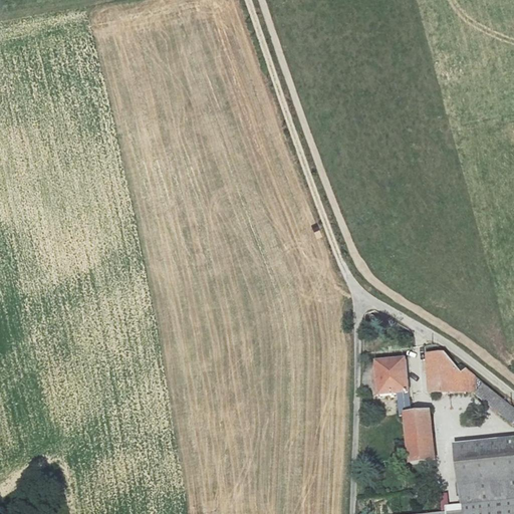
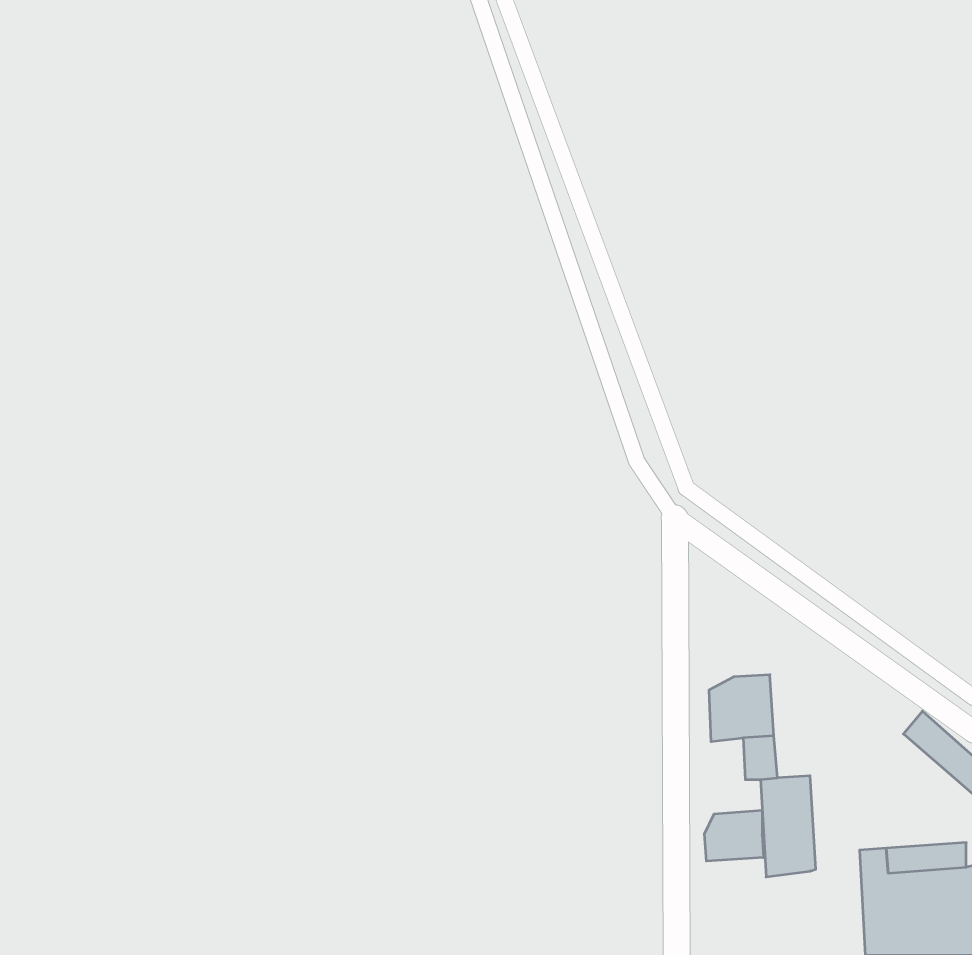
building: [425,352,467,395] -> none
building: none -> [704,810,763,861]

